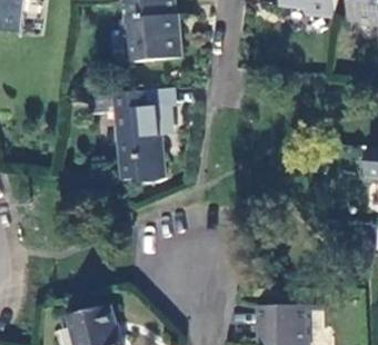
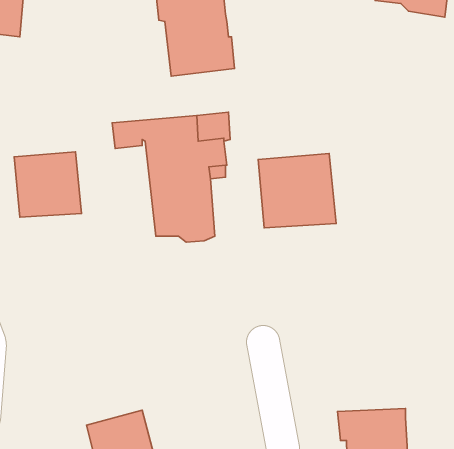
building: none -> [14,152,81,217]
building: none -> [258,154,336,228]

